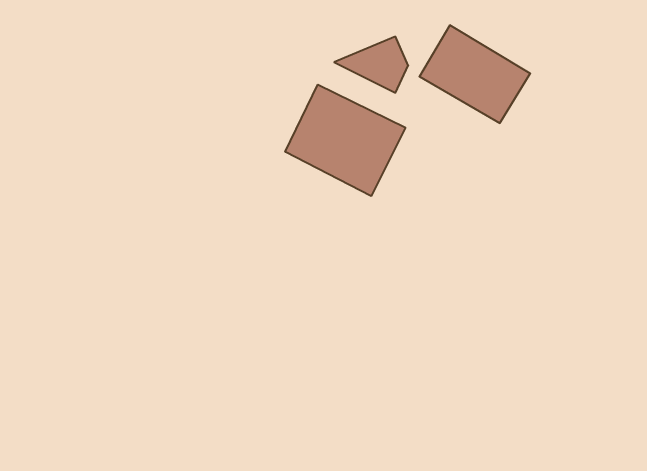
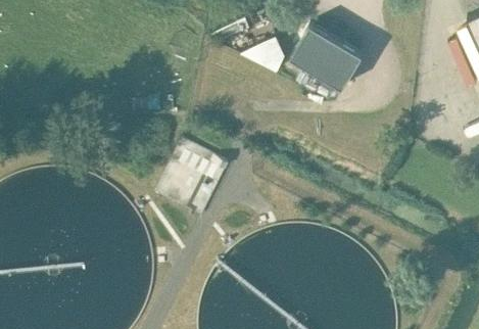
building: [285,85,405,196] -> none

